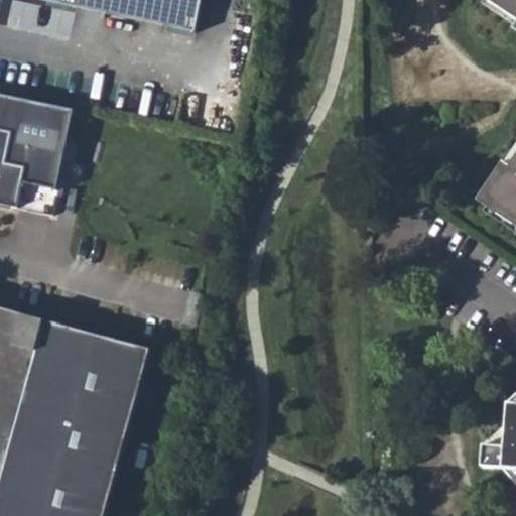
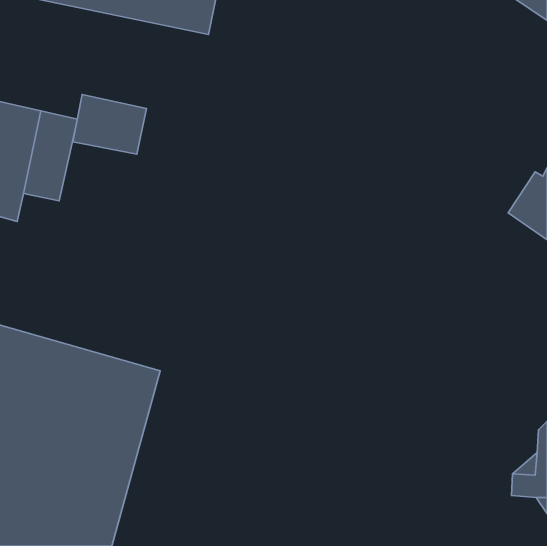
building: none -> [73,95,146,154]

